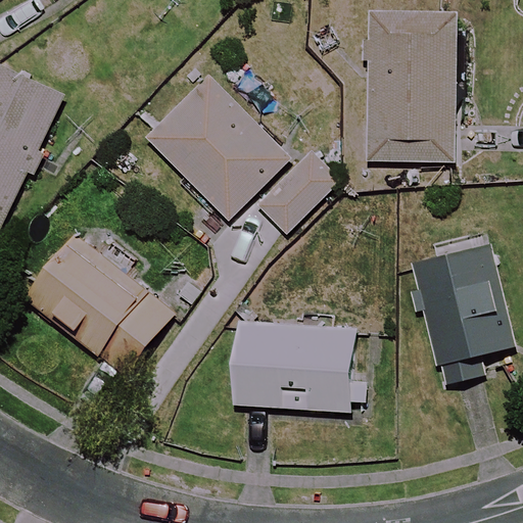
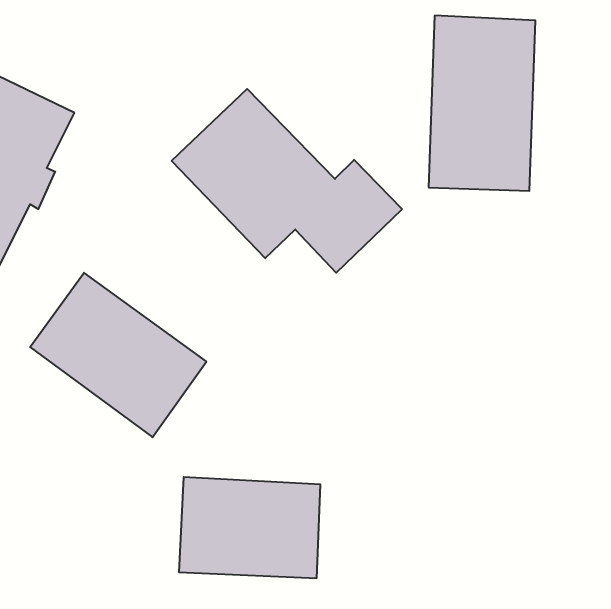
building: [414,244,512,383] -> none
building: [233,323,353,409] -> [179,477,320,578]

